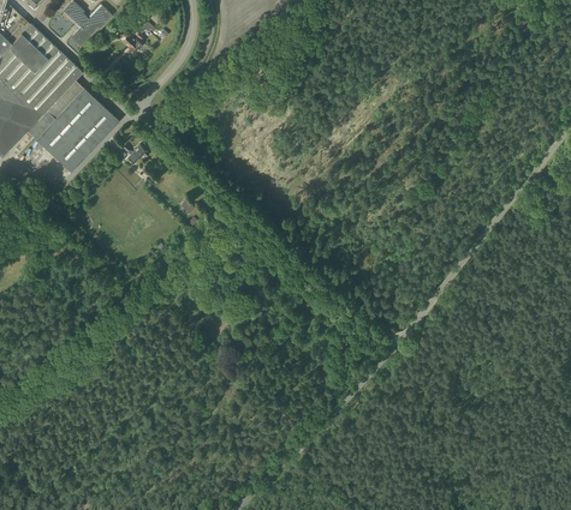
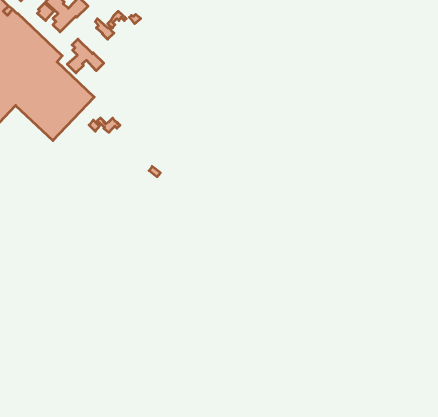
building: none -> [67,39,104,73]

